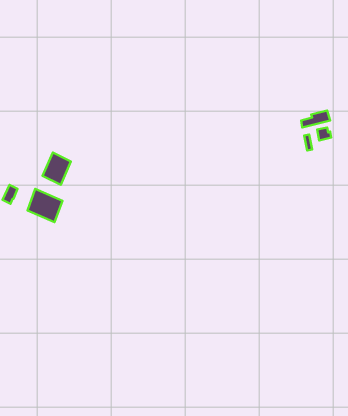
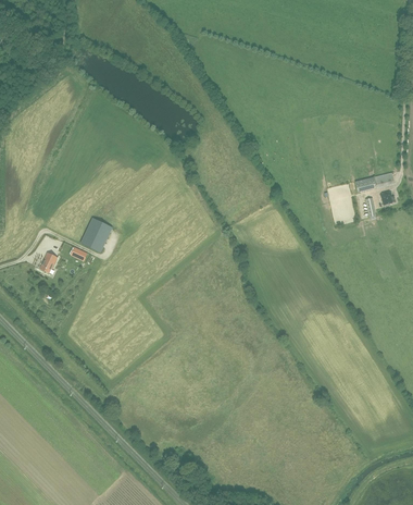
building: [27,189,62,222] -> none

